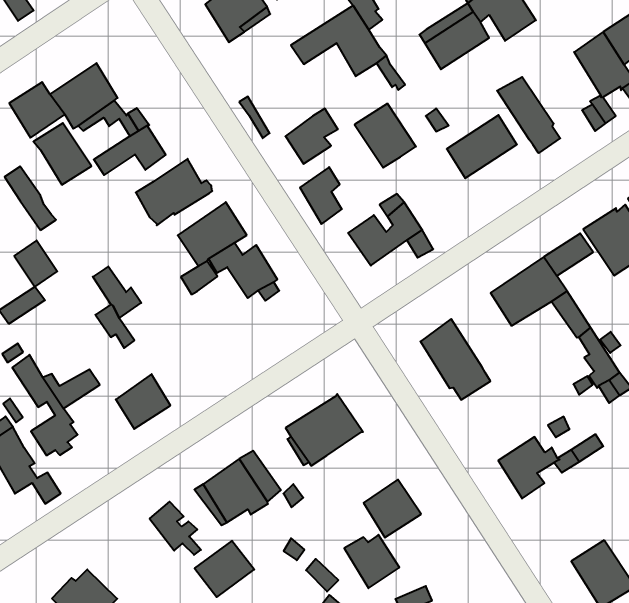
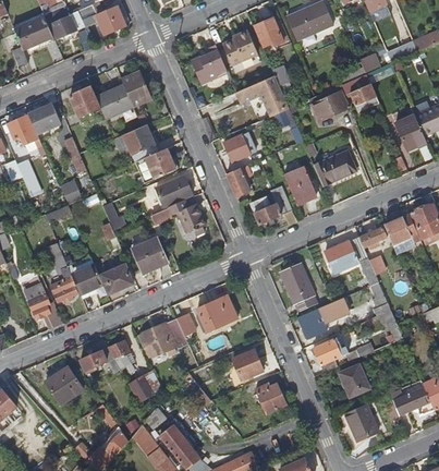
building: [497,77,560,153] -> none
building: [355,104,416,168] -> [284,167,317,203]
building: [33,123,91,185] -> [120,70,150,105]
building: none -> [131,238,167,274]
building: none -> [300,297,349,337]
building: none -> [71,266,102,294]
building: none -> [339,364,368,396]
building: none -> [81,348,120,373]
building: [344,535,399,588] -> [255,383,284,412]

